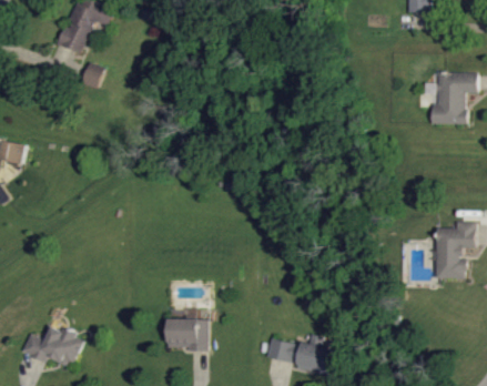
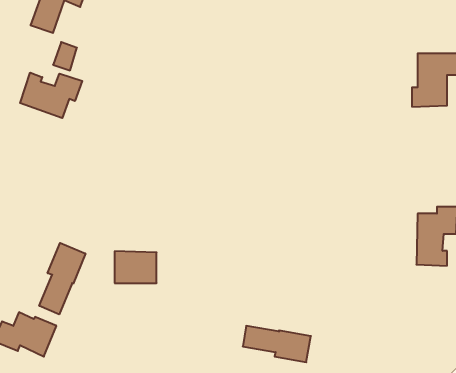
building: none -> [20,73,82,118]
building: none -> [39,243,85,314]
building: [166,318,207,349] -> [115,251,157,283]

